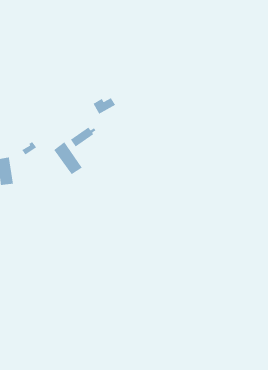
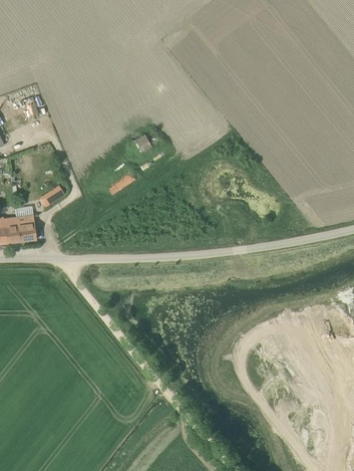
building: [53,141,83,175] -> none

